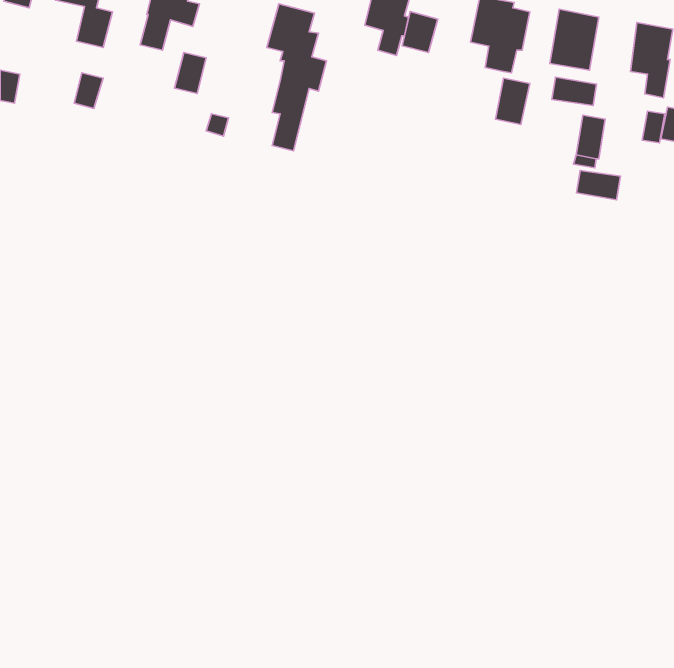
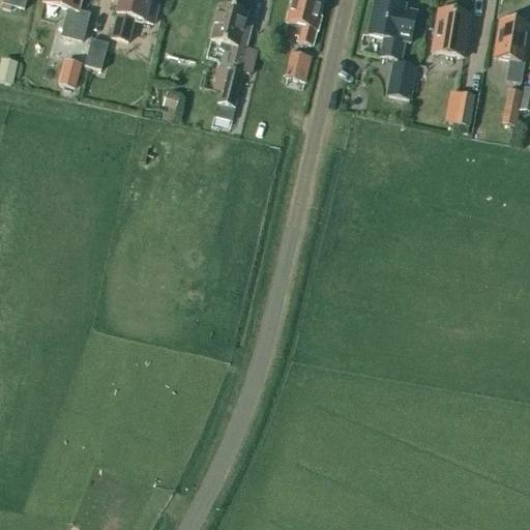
building: [402,11,438,52] -> [285,48,313,80]
building: [175,53,206,94] -> [84,36,109,68]
building: [552,77,596,106] -> none
building: [577,170,620,200] -> none

